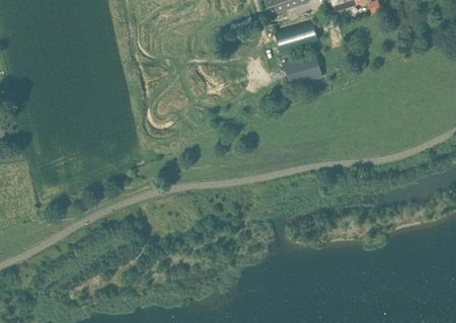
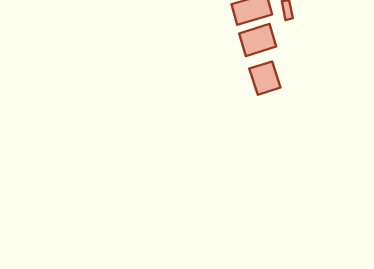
building: none -> [249,61,281,95]

